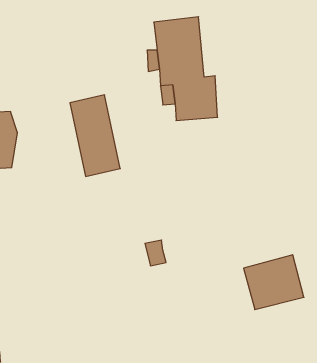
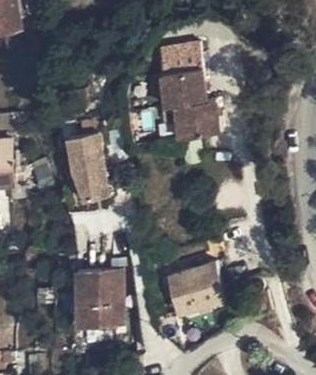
building: [244,255,304,310] -> [160,269,214,318]
building: none -> [65,277,109,333]

